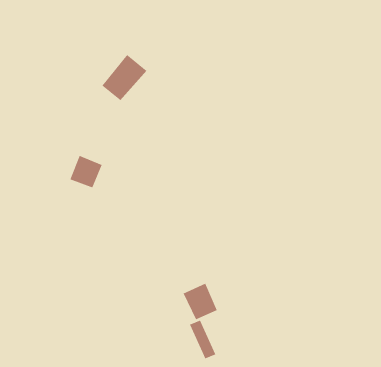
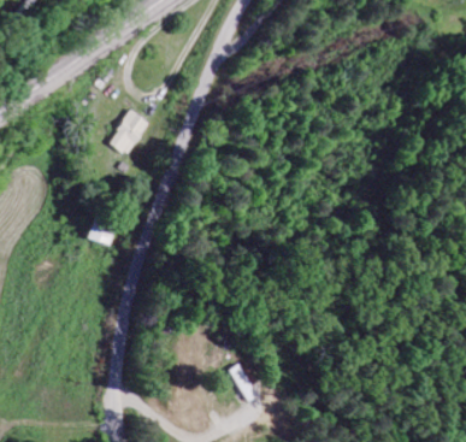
building: [183,283,217,320] -> none

